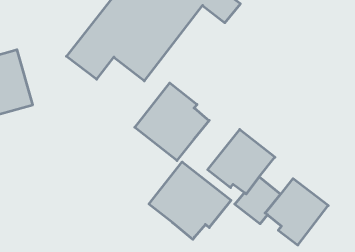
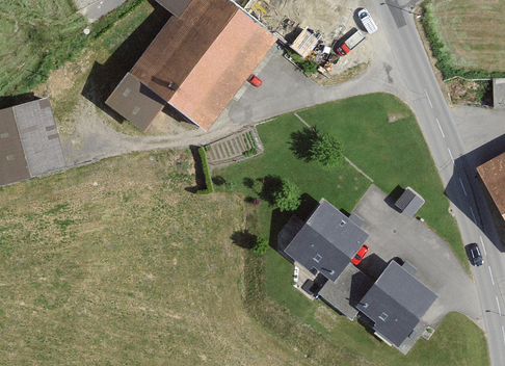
building: [135,83,209,161] -> none
building: [149,162,231,239] -> none

